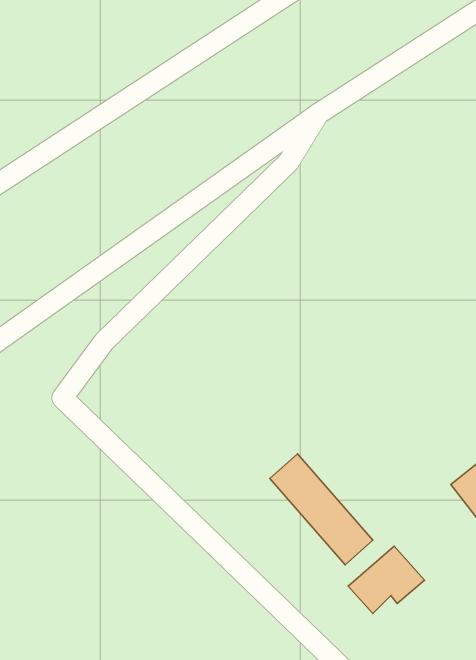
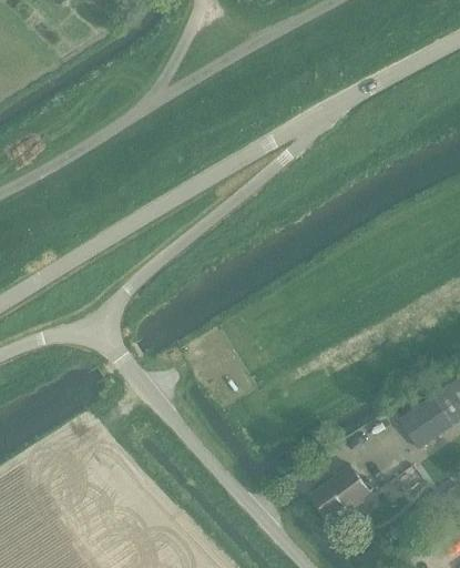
building: [270,454,373,565] -> none

